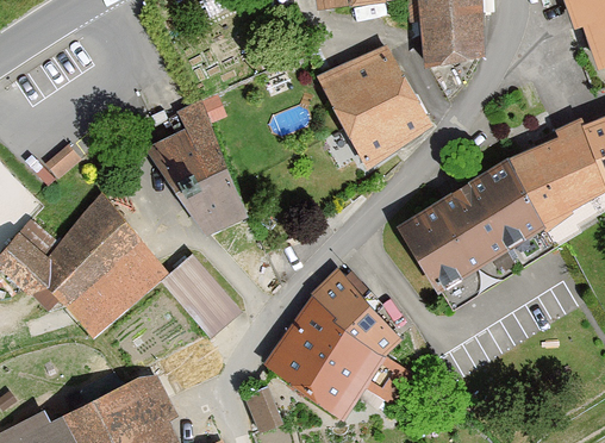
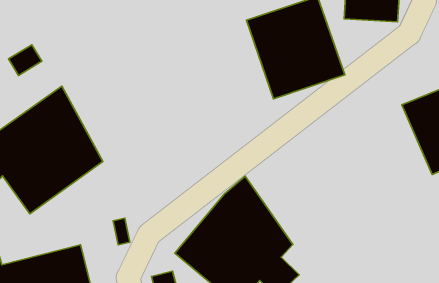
building: [143,100,254,237] -> none
building: [400,162,554,298] -> none
building: [162,252,242,336] -> none

